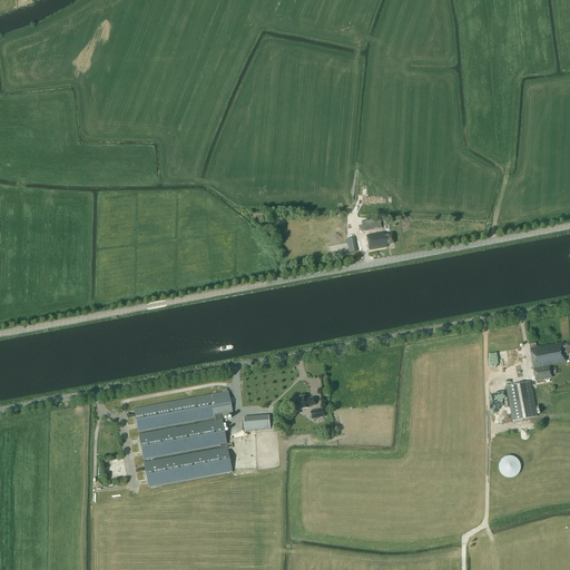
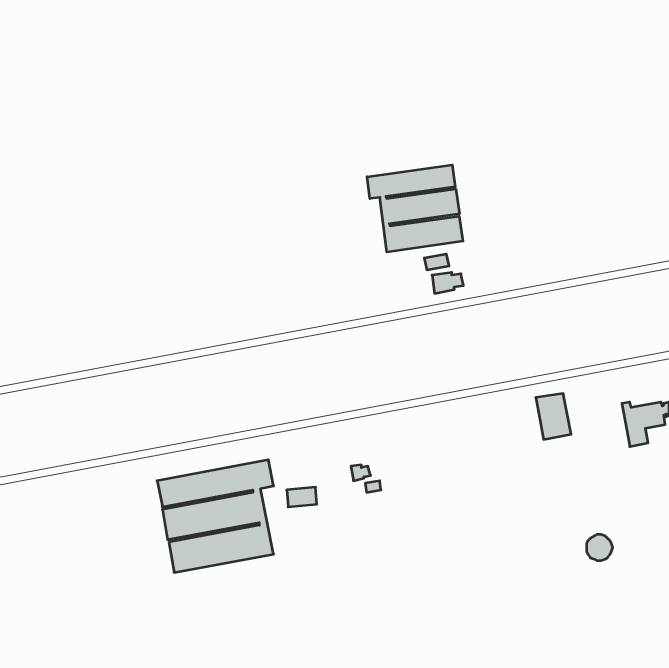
building: none -> [367,165,463,252]
building: [507,381,537,420] -> [536,394,571,439]

